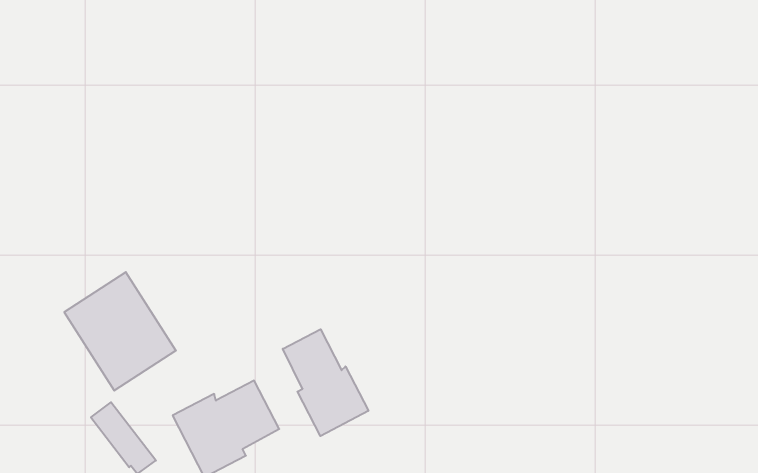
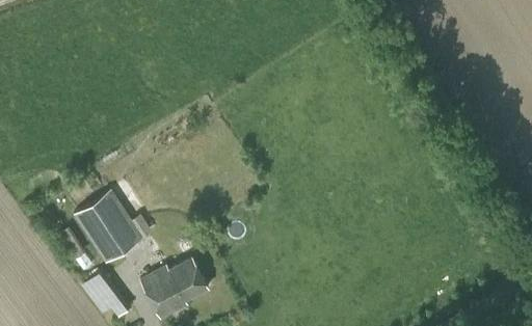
building: [283,329,368,436] -> none

